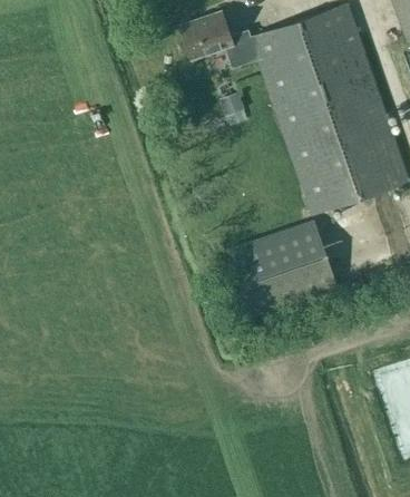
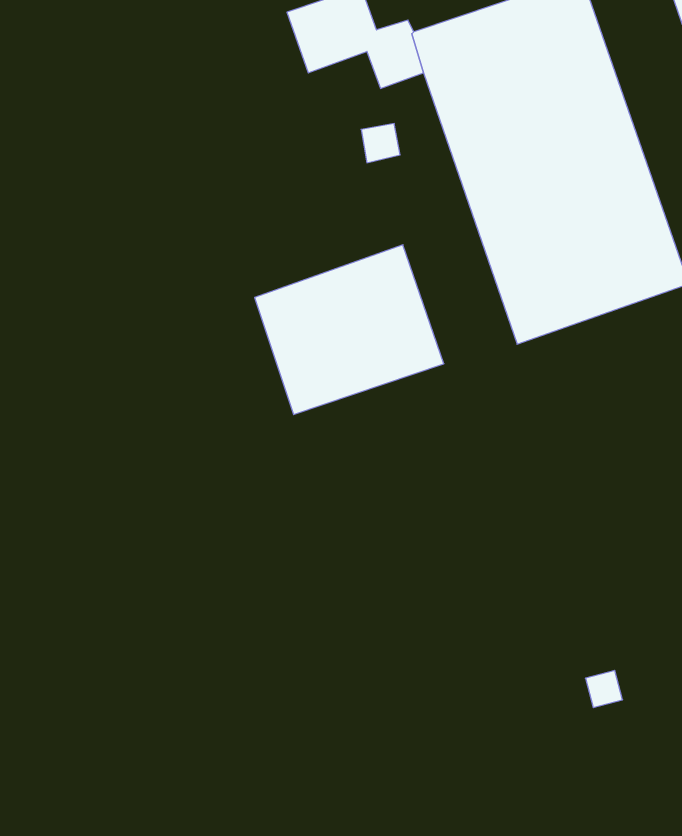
building: [228,221,336,318] -> [255,245,444,415]

